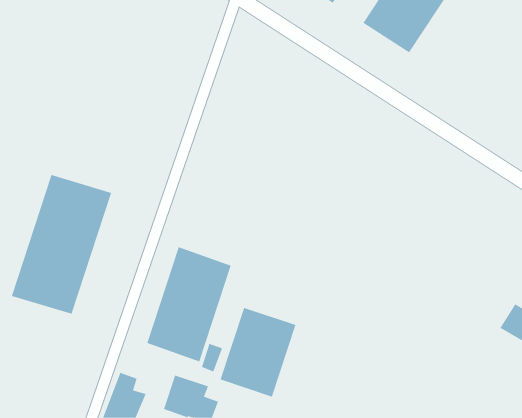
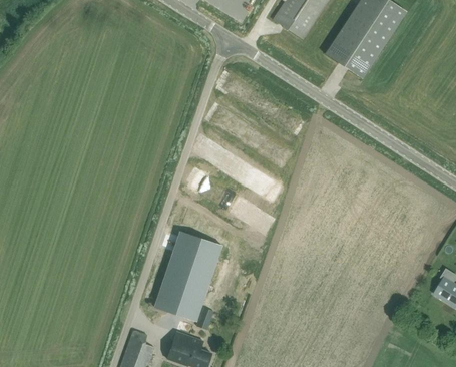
building: [11,174,112,315] -> none
building: [220,307,296,397] -> none

